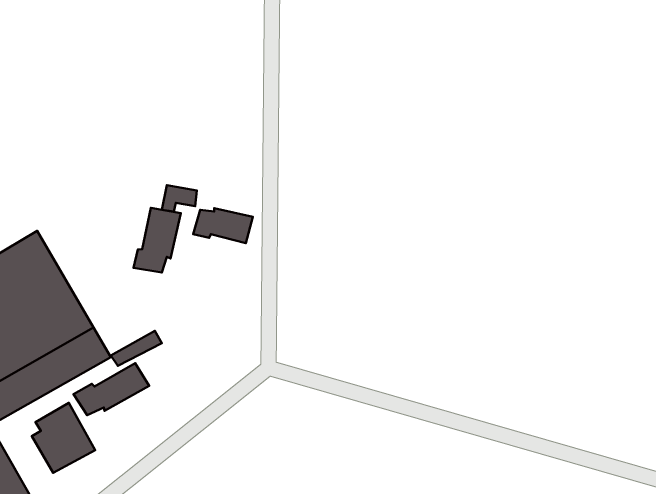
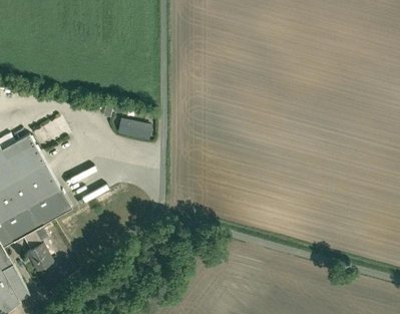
building: [134,208,181,273] -> none
building: [73,363,149,415] -> none

